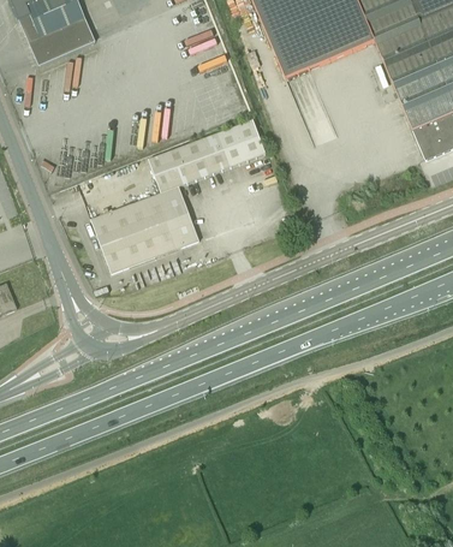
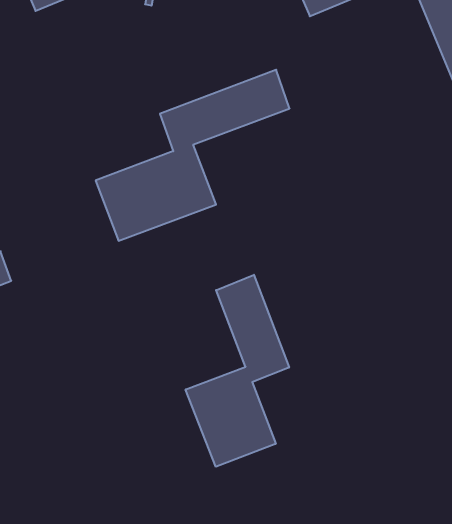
building: none -> [186,275,289,467]

